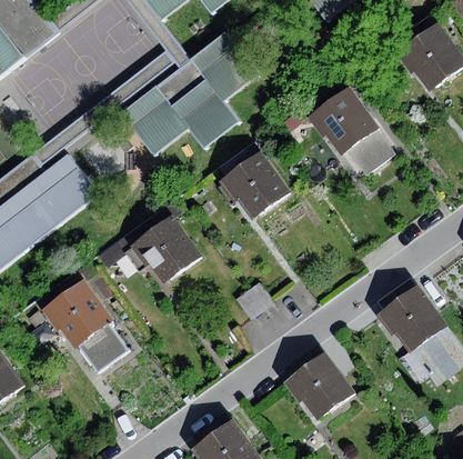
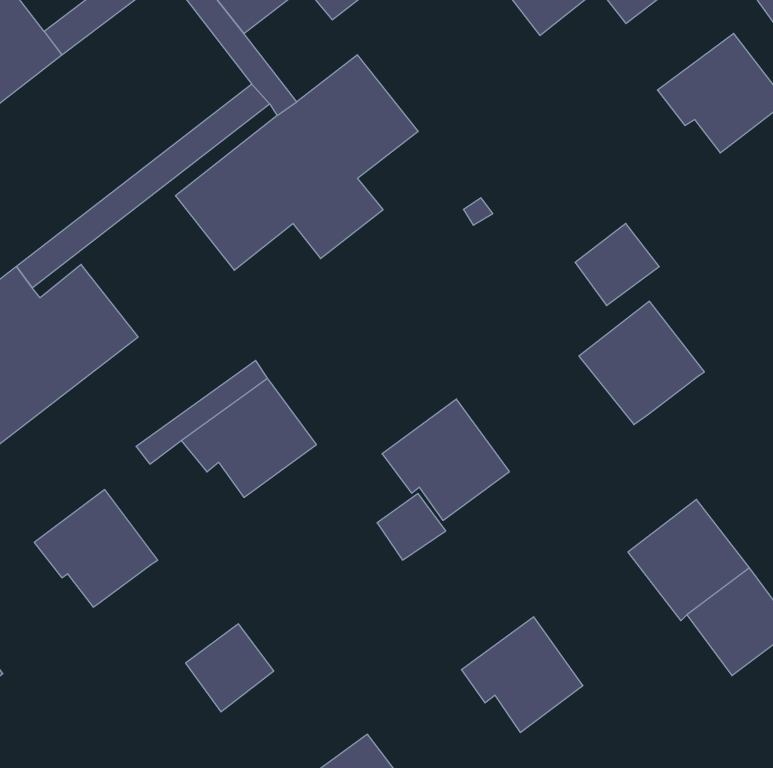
building: [309,87,380,157] -> [579,301,704,425]
building: [217,149,289,218] -> [382,399,509,520]
building: [78,322,128,372] -> [186,624,274,712]

